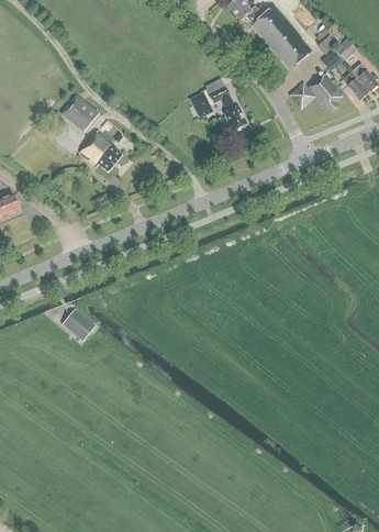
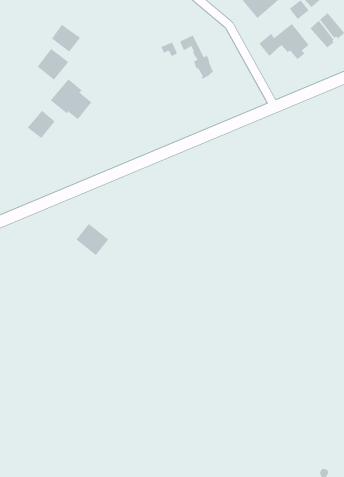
building: none -> [51,24,81,53]
building: none -> [27,110,56,139]
building: [60,307,94,340] -> [75,223,109,256]

